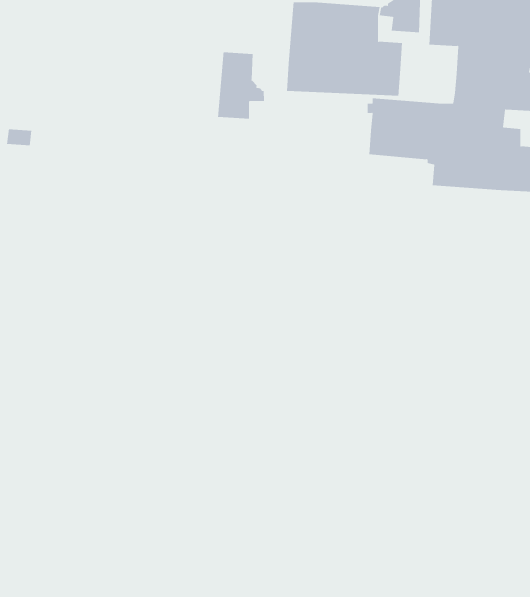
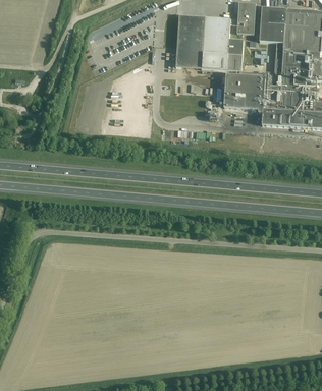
building: [218,52,265,120] -> none

